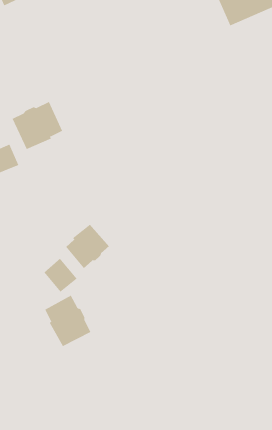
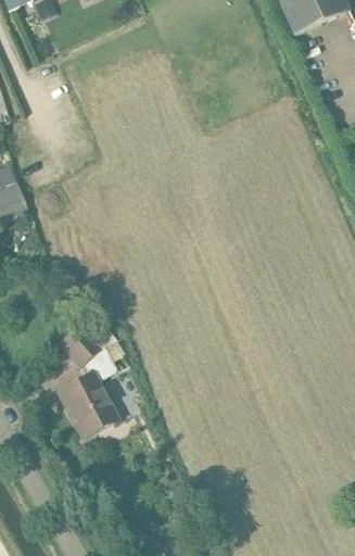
building: [12,101,63,150] -> none
building: [65,224,110,269] -> none

